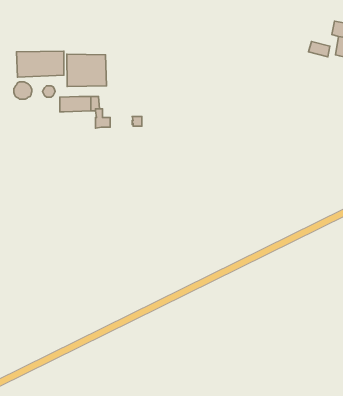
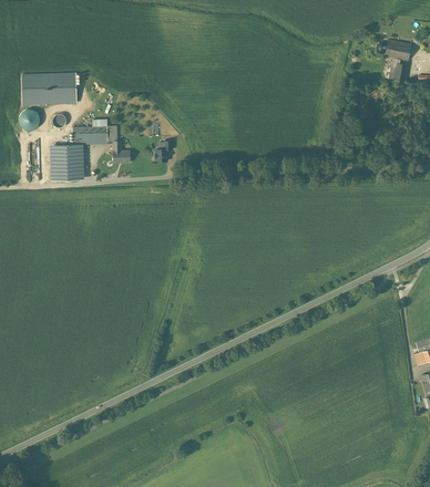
building: [67,54,106,87] -> none
building: none -> [61,147,78,178]

